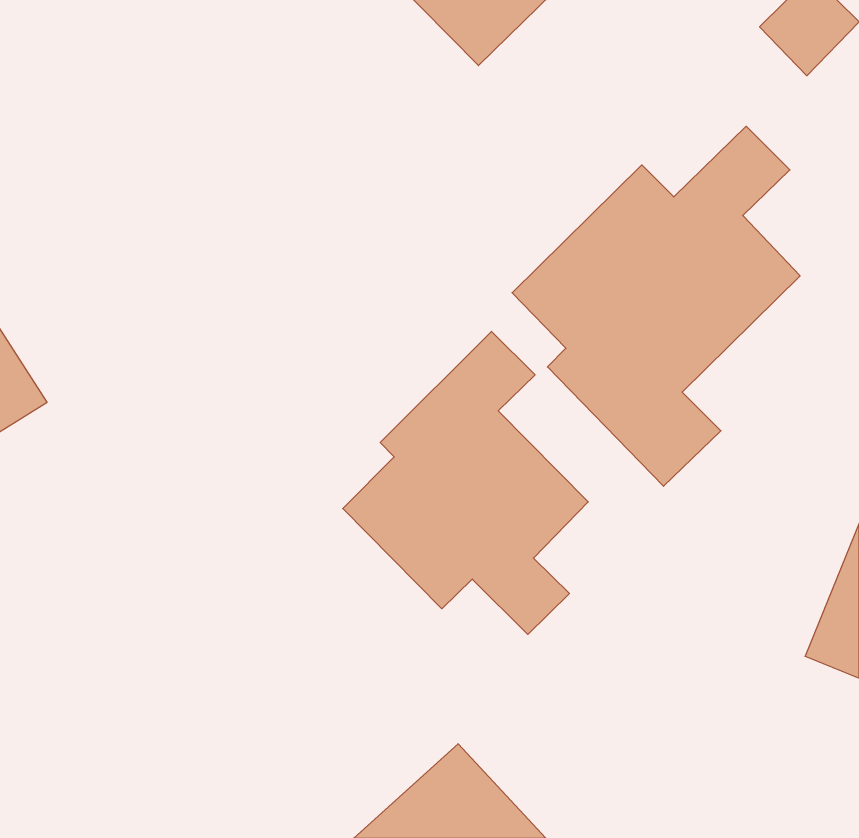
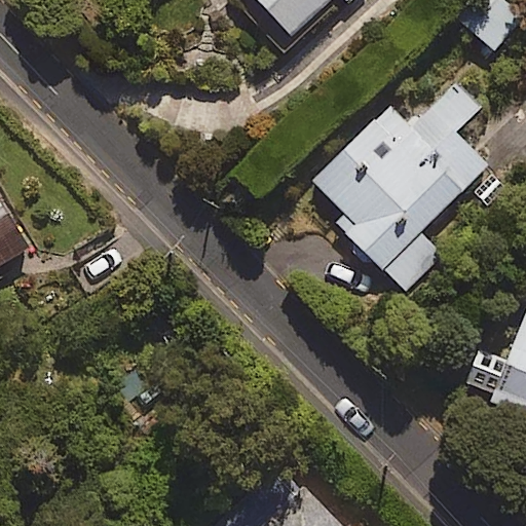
building: [343,331,588,634] -> none

